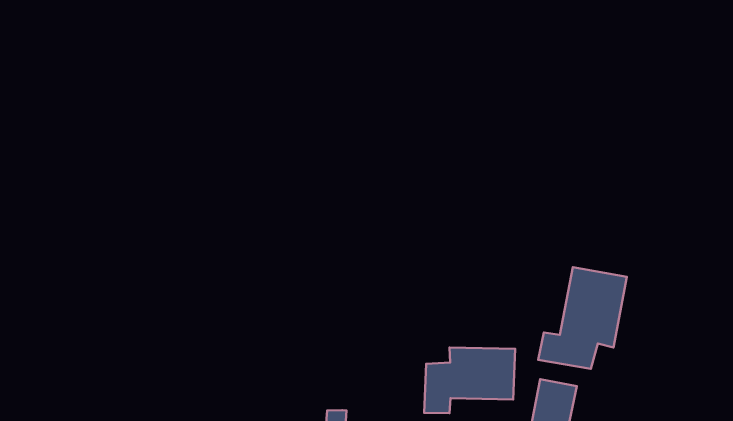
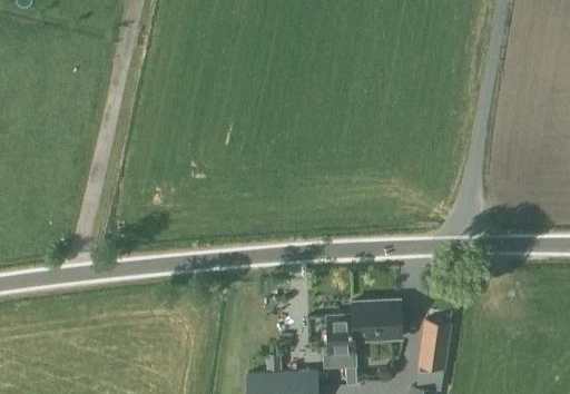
building: [538,267,627,369] -> none

